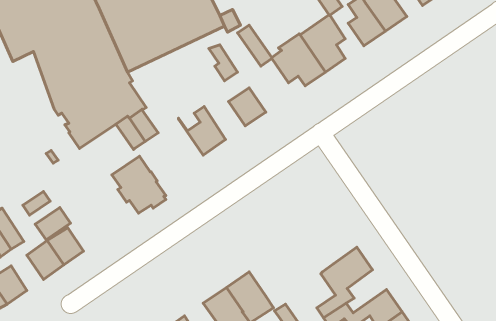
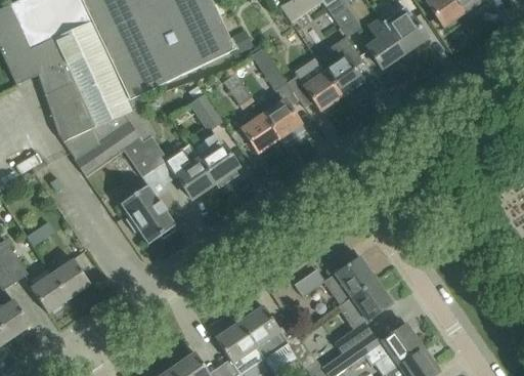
building: none -> [188,93,223,131]
building: none -> [263,98,301,138]
building: none -> [169,145,215,199]
building: [35,208,71,240] -> none
building: none -> [294,256,376,305]

